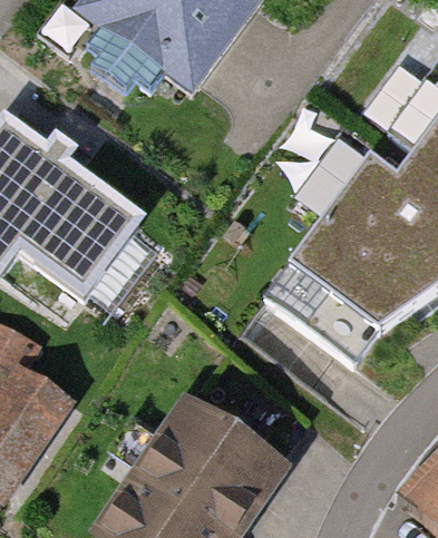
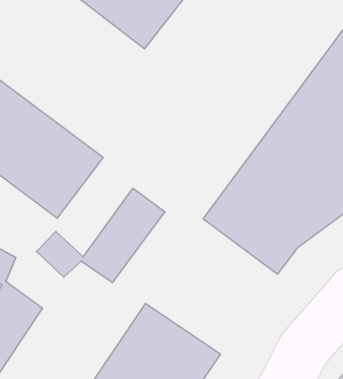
building: none -> [37,188,165,283]

